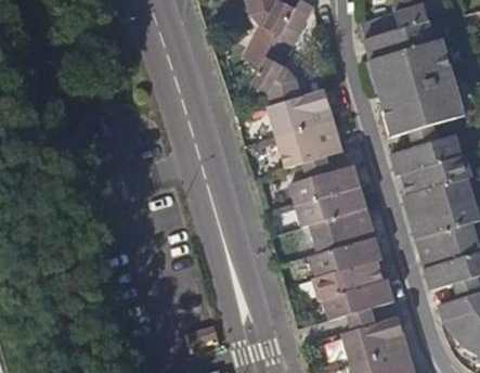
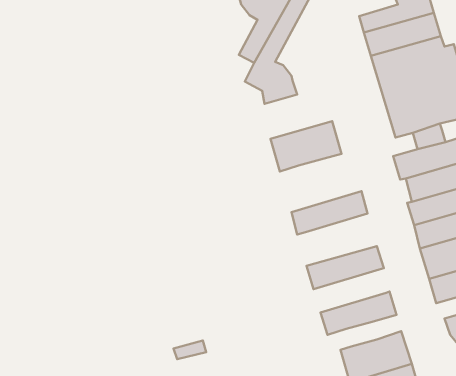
building: [268,90,334,138] -> none
building: [289,165,361,206] -> none
building: [309,207,375,254] -> none
building: [312,259,384,300] -> none

